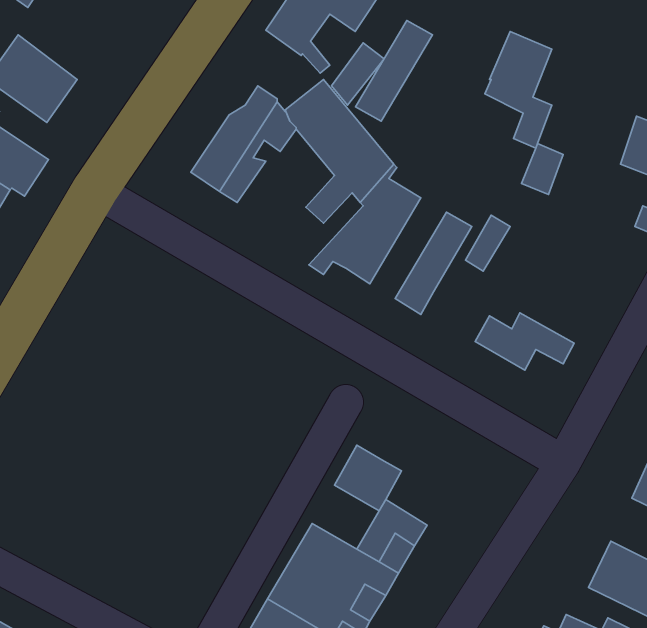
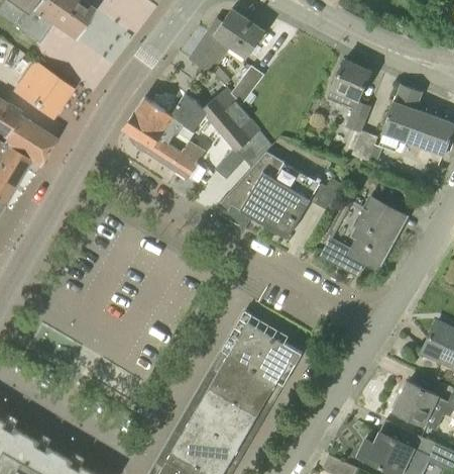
building: [356,20,432,121] -> [255,164,304,227]
building: none -> [381,83,424,143]
building: none -> [124,96,166,148]
building: none -> [172,140,206,178]
building: none -> [350,195,400,256]
building: none -> [265,337,302,371]
building: none -> [219,346,261,386]

